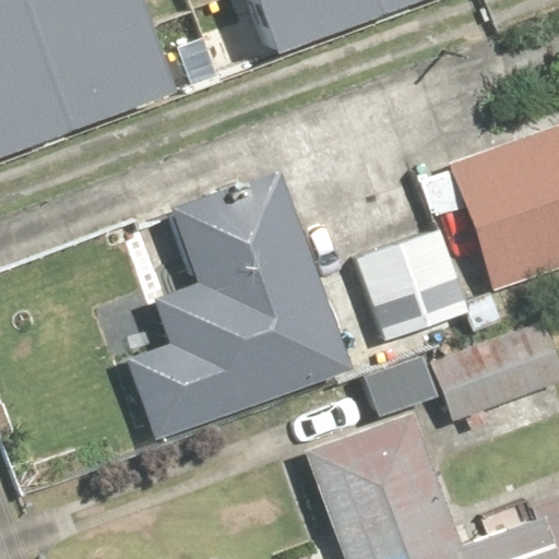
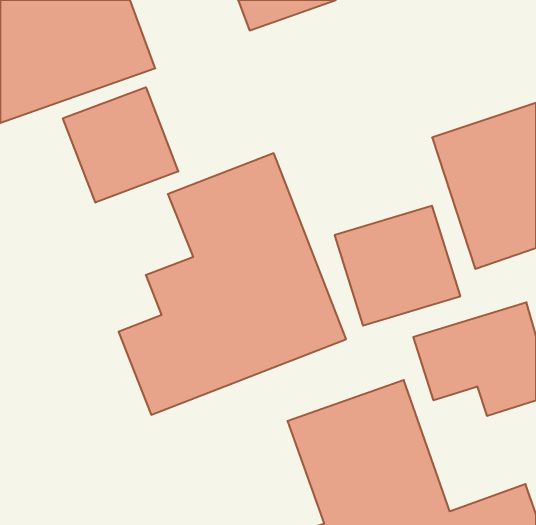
building: none -> [63,87,178,203]

